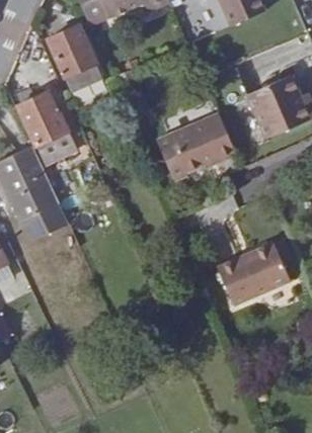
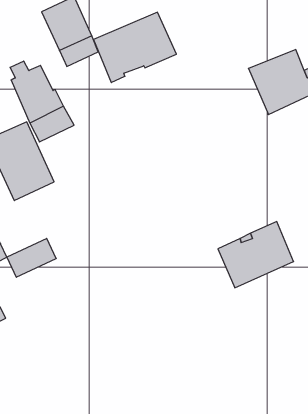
building: [157,113,237,181] -> [93,12,176,83]
building: [21,203,69,241] -> [7,238,56,277]

